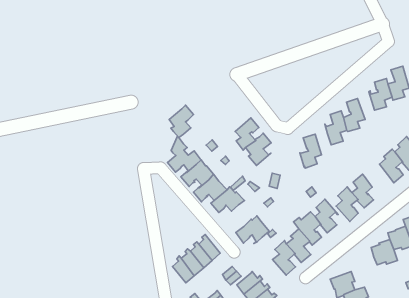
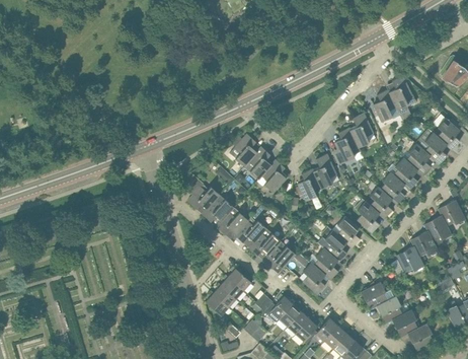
building: [169,105,194,138] -> [232,133,255,165]
building: none -> [297,168,320,200]
building: none -> [380,171,405,204]
building: none -> [248,227,281,256]

